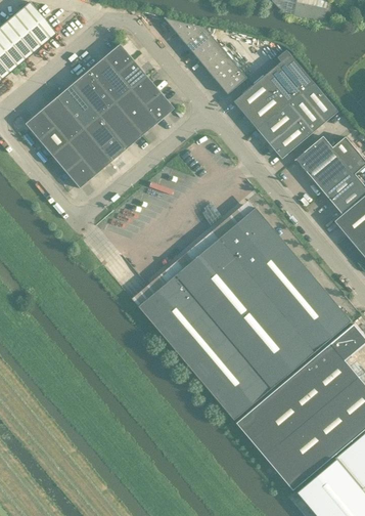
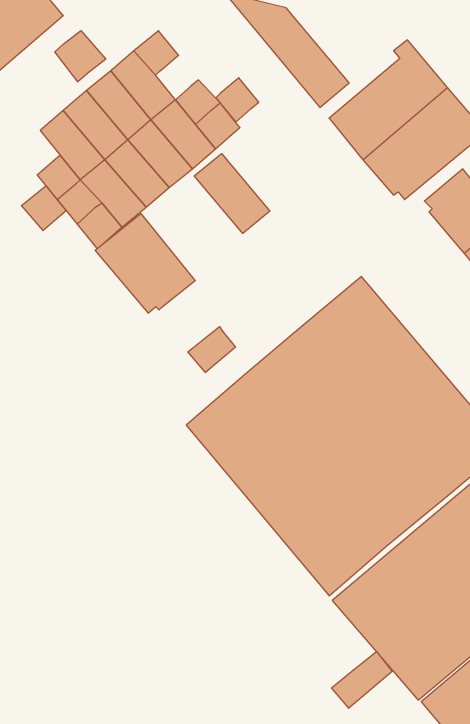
building: none -> [55,31,106,82]
building: [119,59,147,89] -> [216,78,259,122]
building: [26,110,55,139] -> [21,186,66,231]
building: none -> [194,154,270,233]
building: none -> [95,214,195,313]
building: none -> [188,327,235,373]
building: none -> [332,652,392,708]

